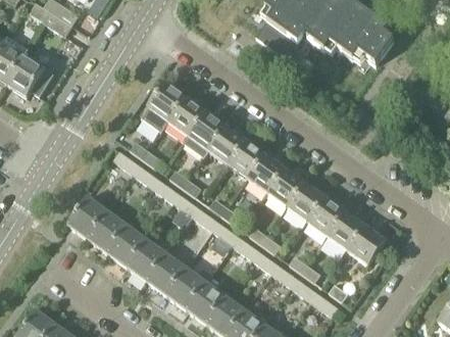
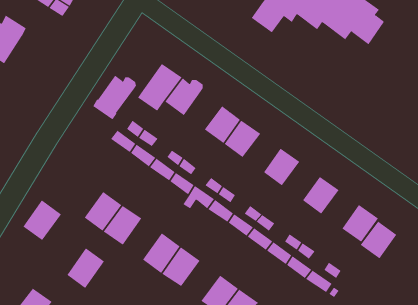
building: [6,55,53,96] -> none
building: [184,111,229,157] -> [93,75,137,120]
building: [248,154,286,193] -> none
building: [288,183,326,222] -> none
building: [66,197,106,239] -> [23,199,62,241]
building: [328,211,365,250] -> [360,221,397,259]
building: [127,240,165,282] -> [66,247,105,289]
building: [186,283,224,324] -> none

